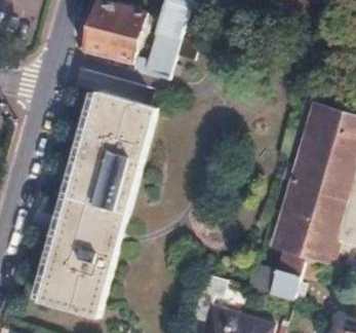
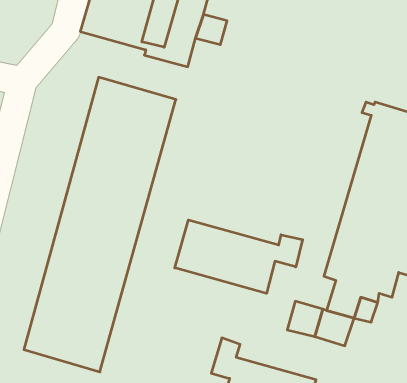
building: none -> [175,220,303,293]

